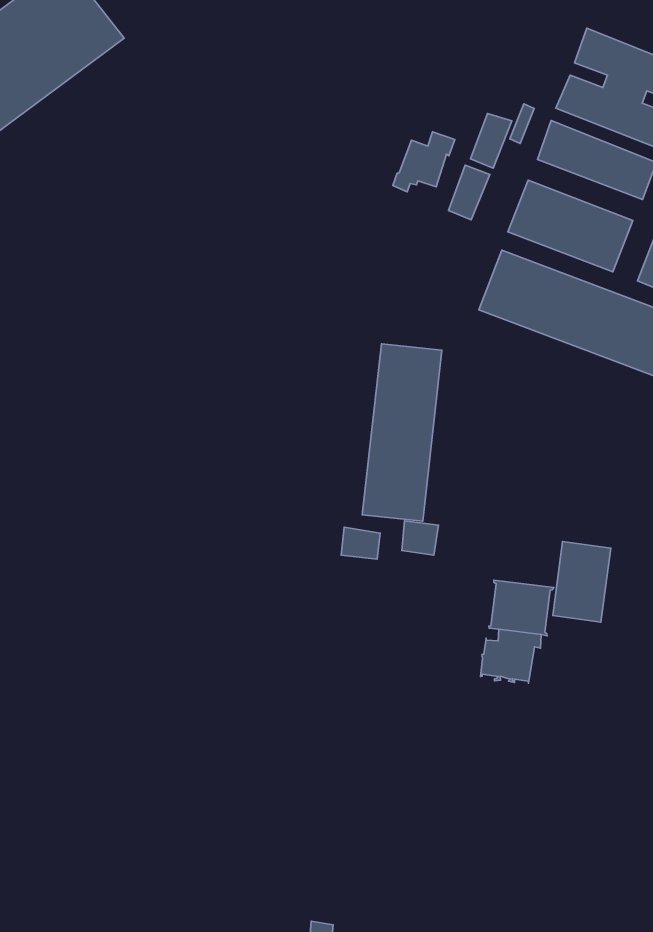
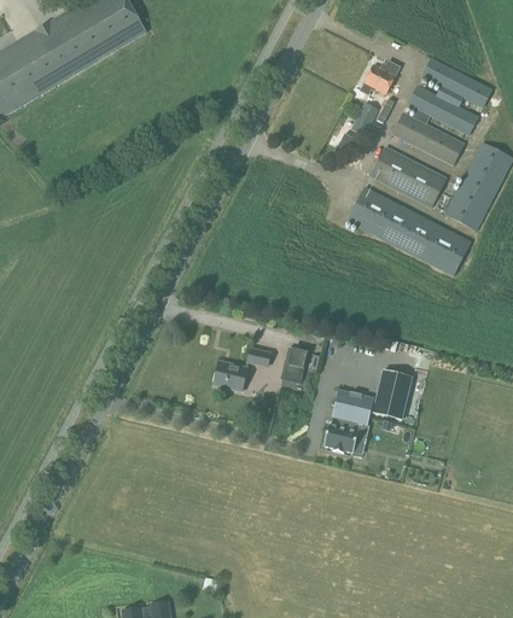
building: [393,132,455,192] -> [360,59,401,94]
building: [362,344,442,521] -> none
building: none -> [214,360,246,390]

